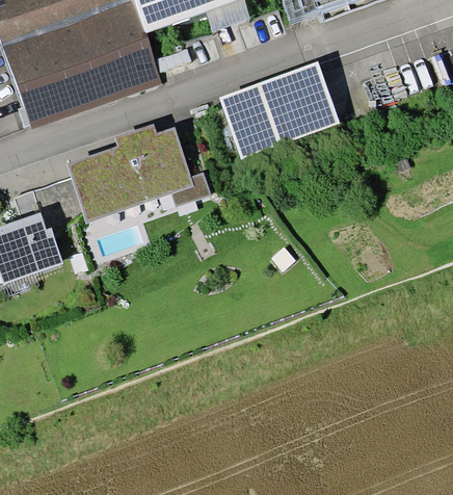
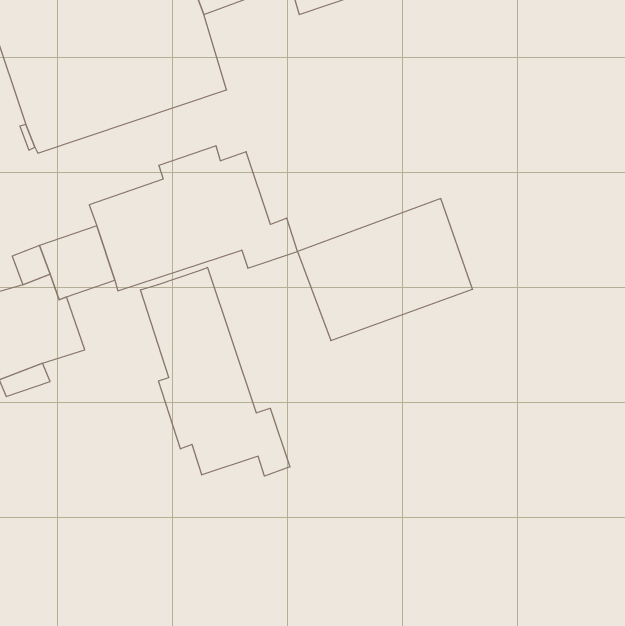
building: [218,59,339,157] -> [298,199,473,341]
building: none -> [141,267,290,476]

